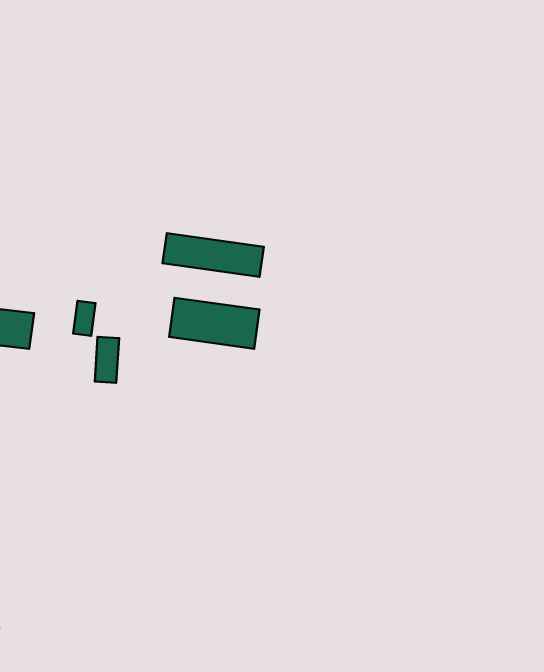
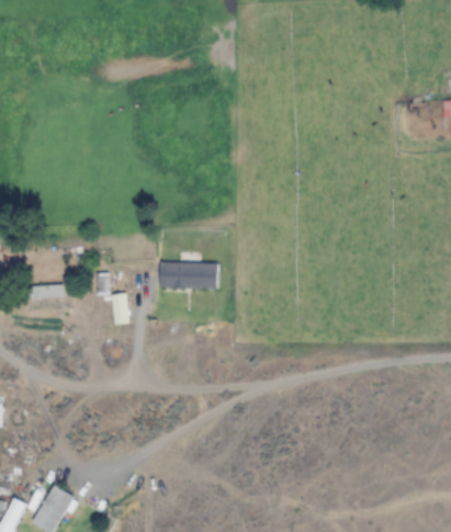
building: [163,233,264,277] -> none

